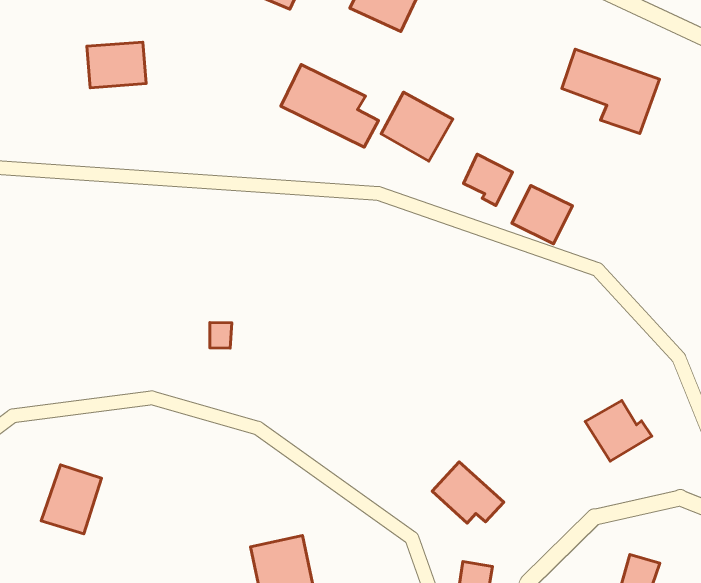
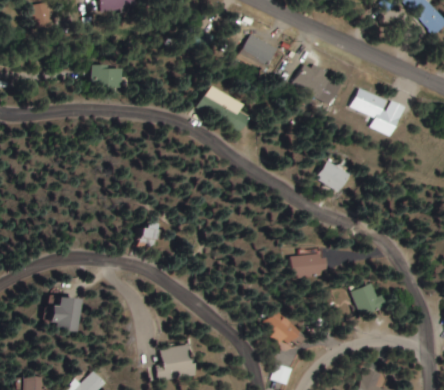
building: [381,92,453,161] -> [292,61,332,100]
building: [464,154,512,205] -> none
building: none -> [292,255,325,275]

